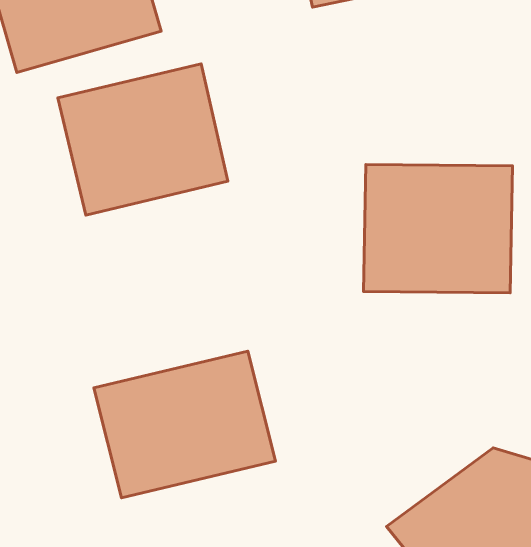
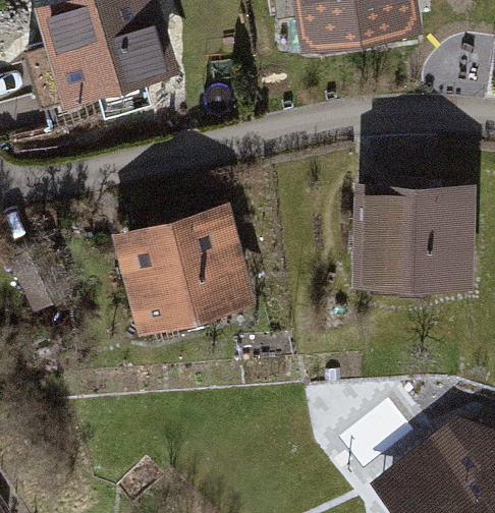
building: [58,64,228,215] -> [111,208,254,335]
building: [94,351,276,498] -> none

